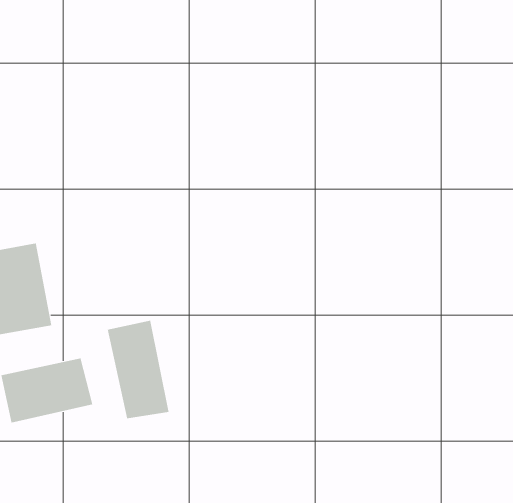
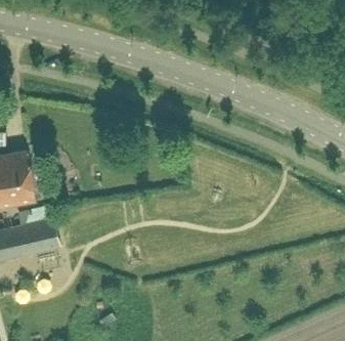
building: [107,320,169,419] -> none

